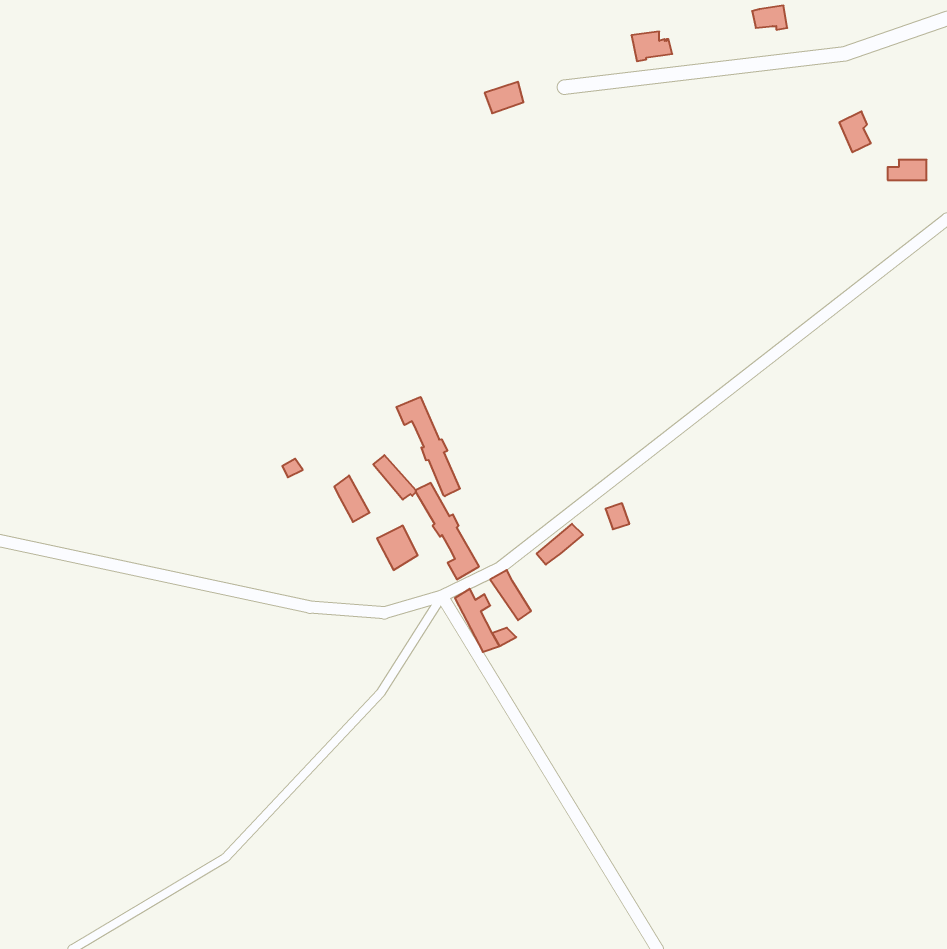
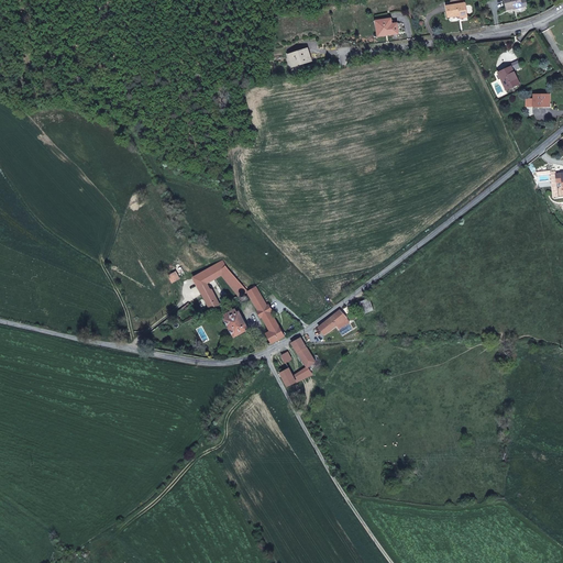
building: [396,397,460,496] -> none

